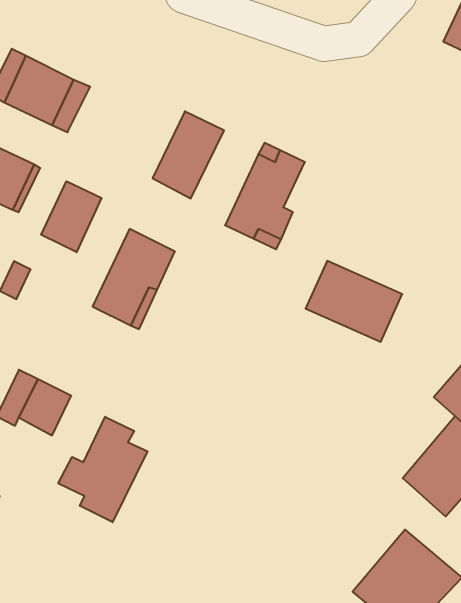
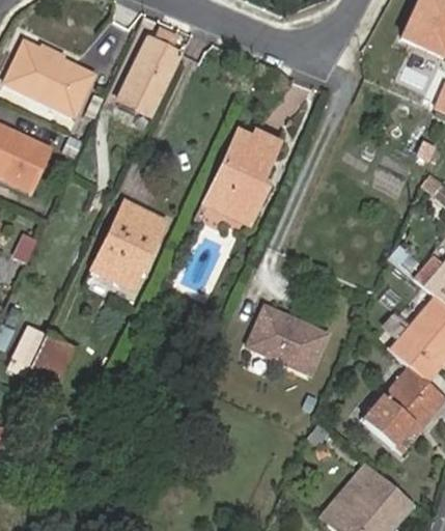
building: [153,111,224,199] -> [118,39,180,115]
building: [41,181,101,252] -> none
building: [306,261,402,342] -> [247,305,331,375]
building: [58,417,147,522] -> none

